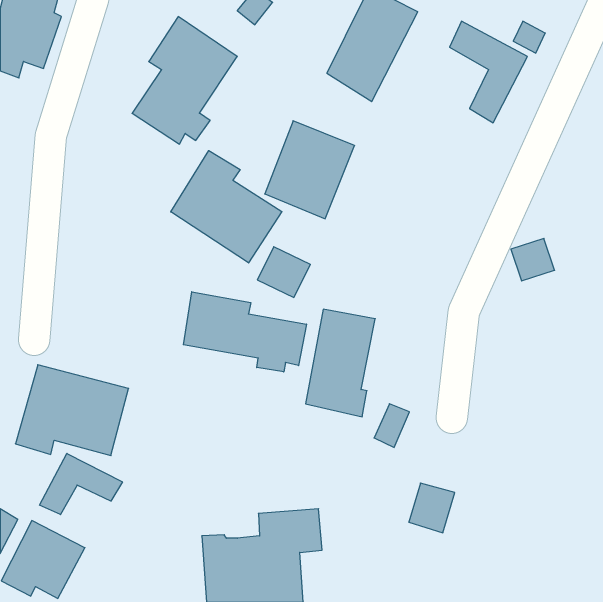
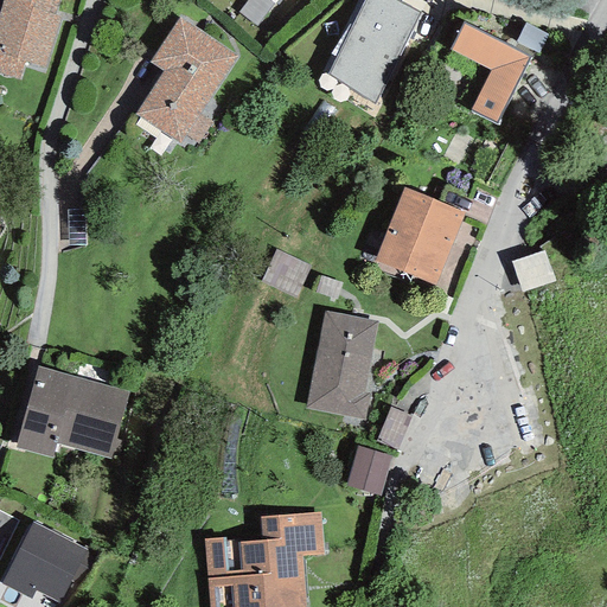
building: [265,121,355,219] -> [375,186,465,285]
building: [171,151,282,263] -> none
building: [183,292,306,372] -> none
building: [40,453,122,515] -> none
building: [409,483,455,533] -> [345,446,391,496]

